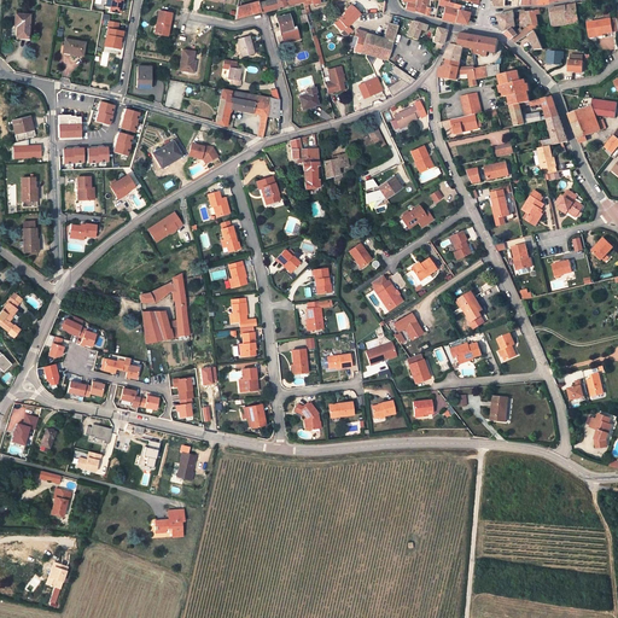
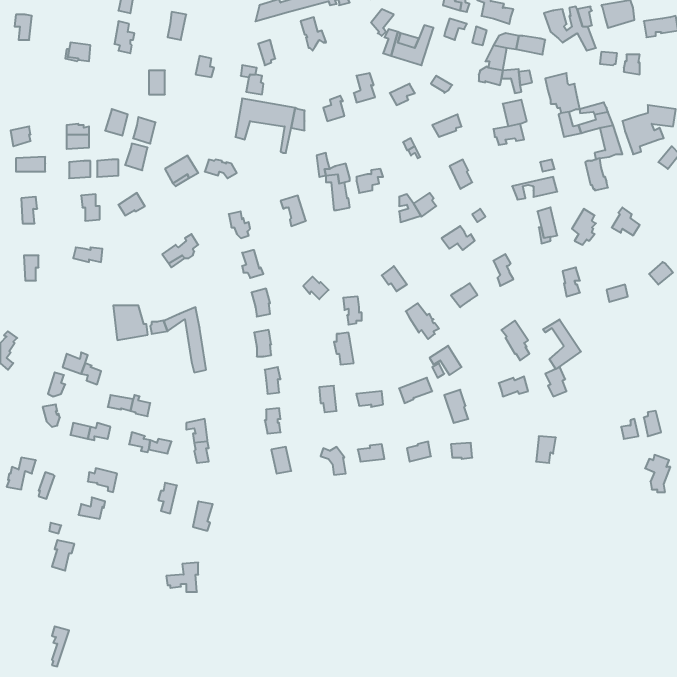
building: none -> [543,319,581,369]
building: [141,313,173,344] -> [113,305,148,340]

